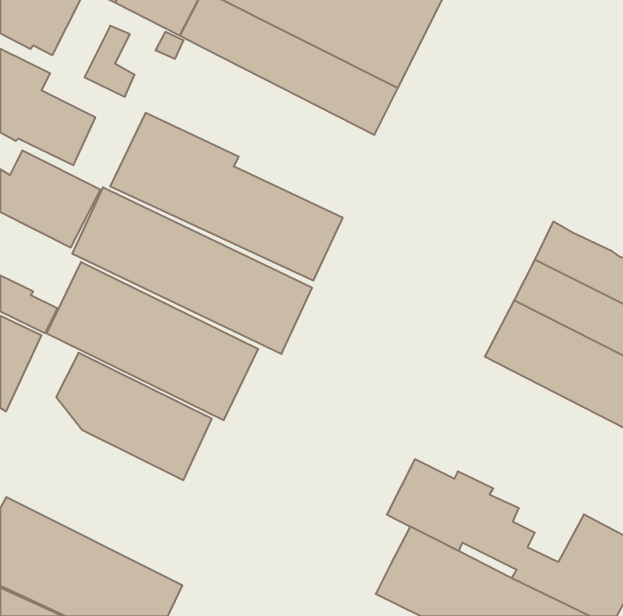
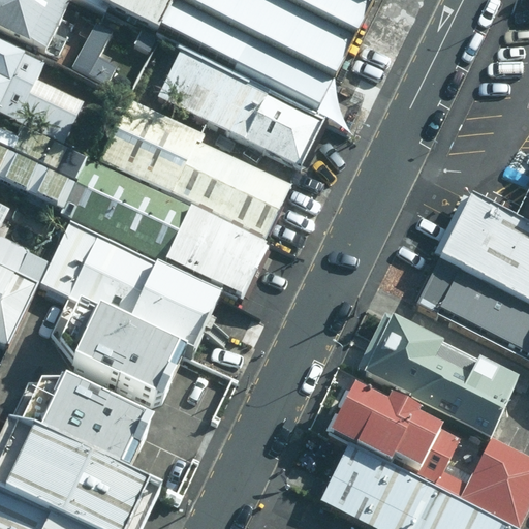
building: none -> [151,41,325,166]
building: none -> [356,311,523,434]
building: none -> [10,382,149,476]

